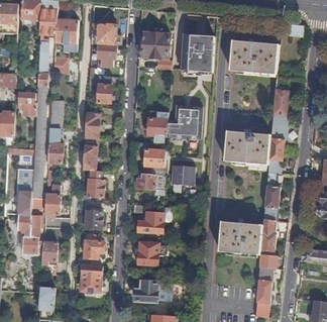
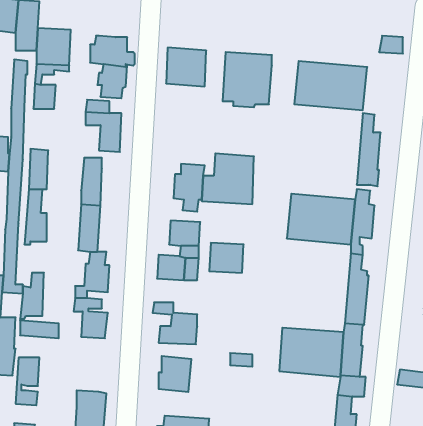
building: [77,234,103,265] -> none

